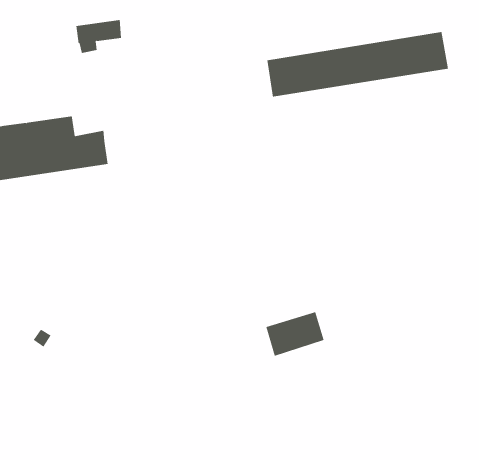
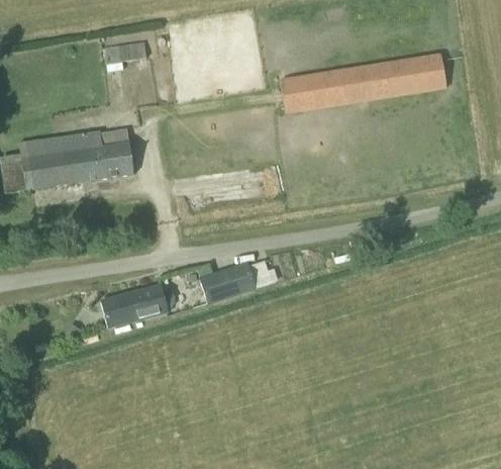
building: none -> [101,285,175,327]
building: [265,312,325,357] -> [201,264,256,305]

